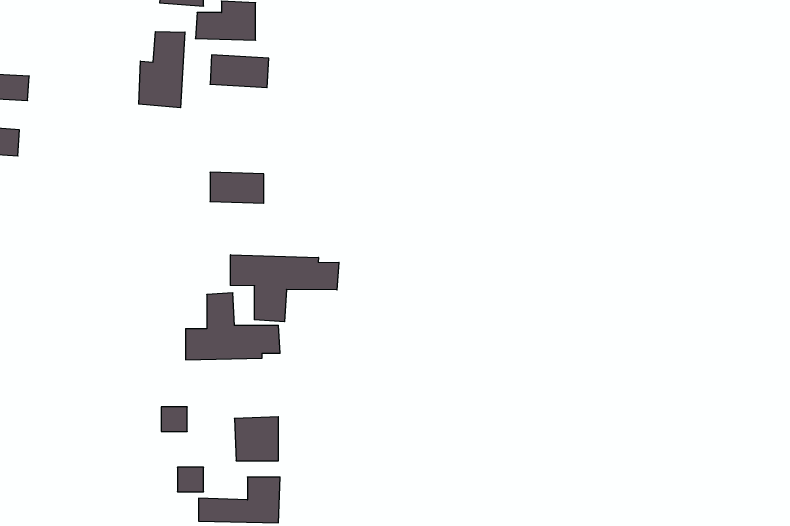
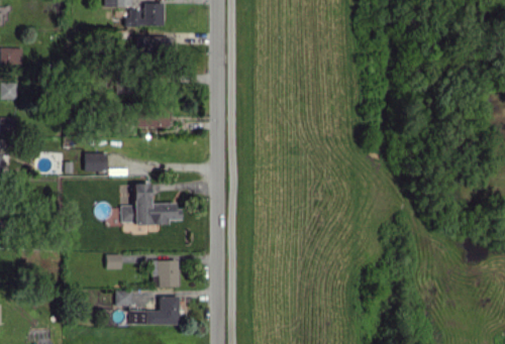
building: [139,32,185,108] -> none
building: none -> [85,153,108,173]
building: [230,255,339,322] -> none

